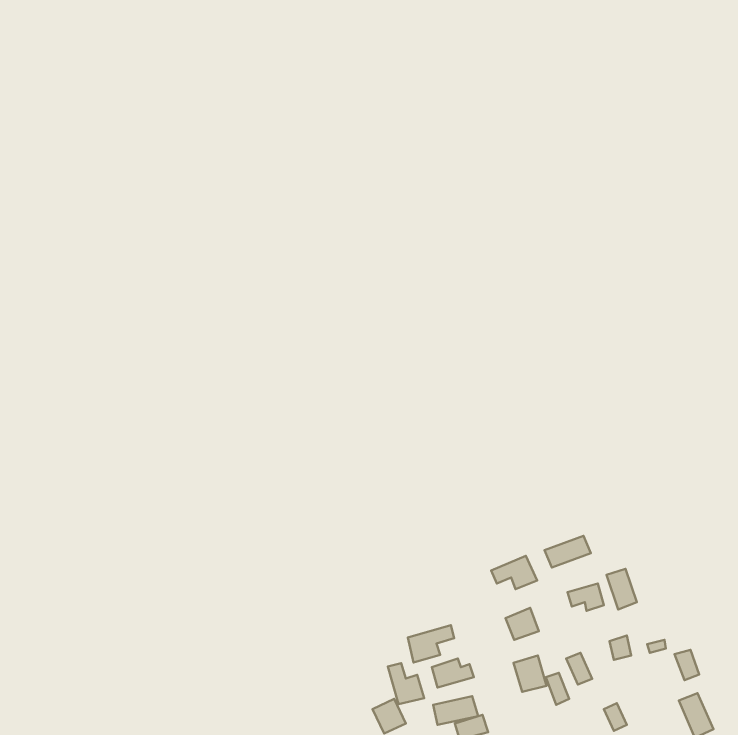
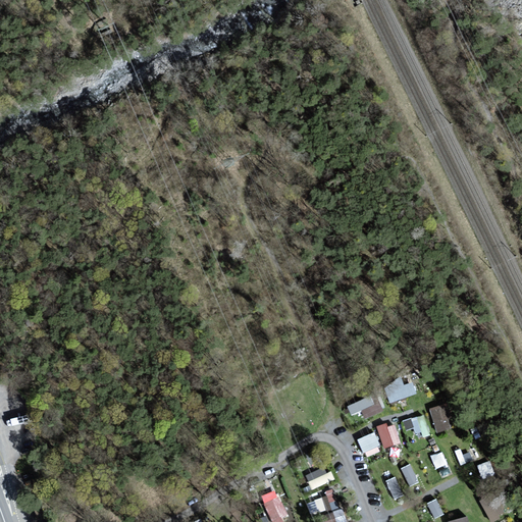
building: [408,625,454,663] -> none
building: [513,656,547,692] -> [376,422,400,448]
building: [388,663,424,704] -> none

